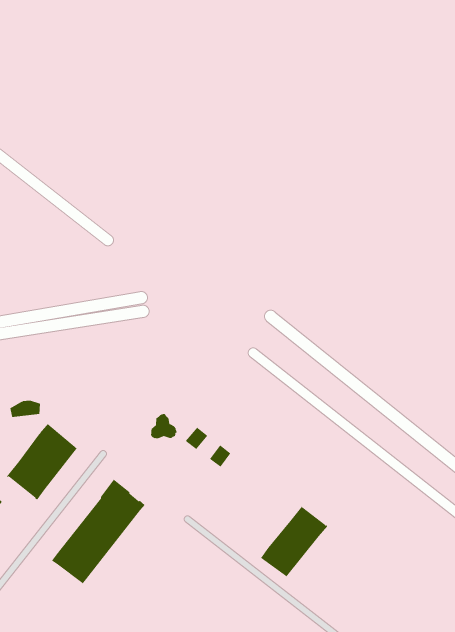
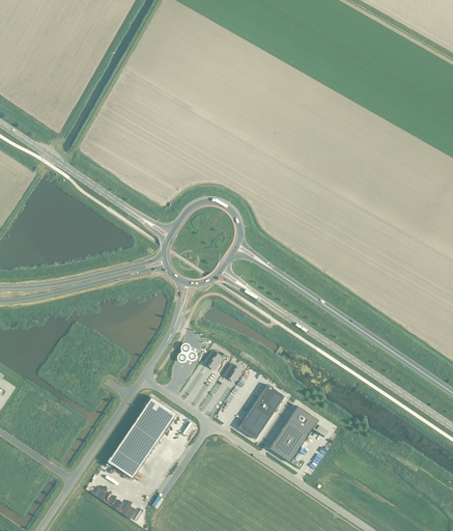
building: [6,423,77,501] -> none
building: none -> [238,385,284,440]

